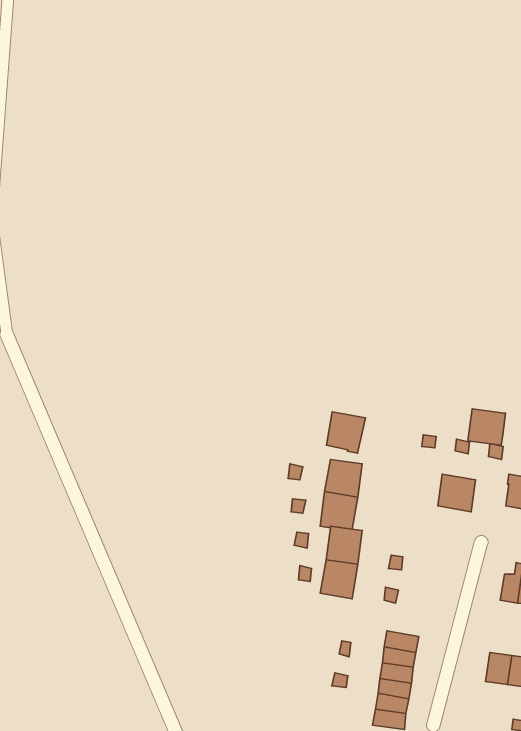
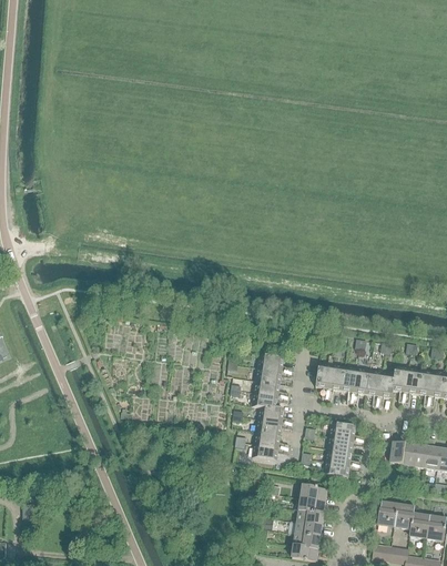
building: [468,409,506,445] -> [367,370,396,397]
building: [326,412,365,453] -> none
building: none -> [316,362,345,390]
building: none -> [324,423,356,477]

